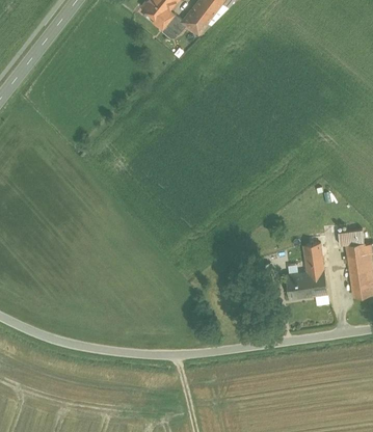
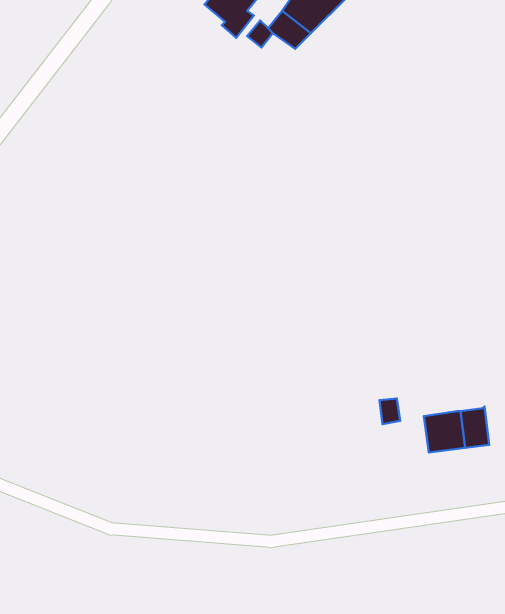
building: [301,241,322,270] -> none

